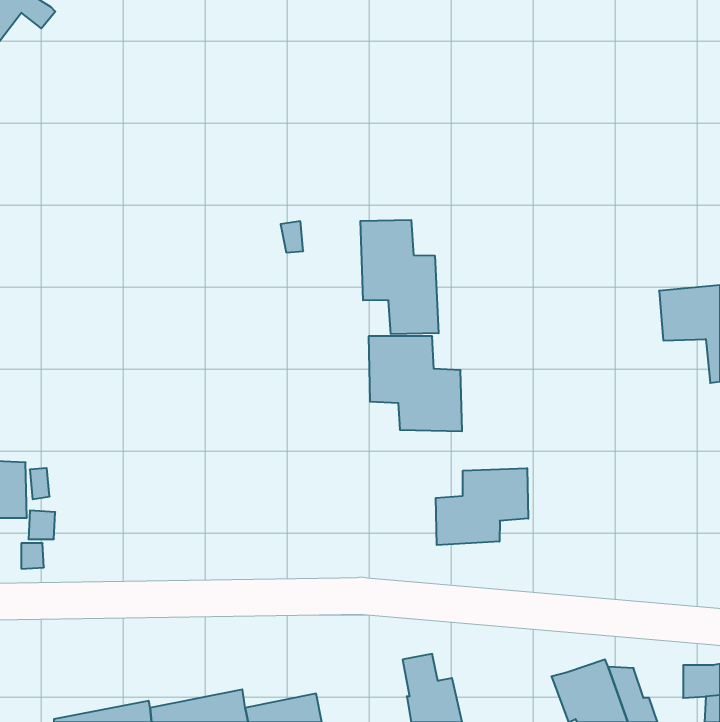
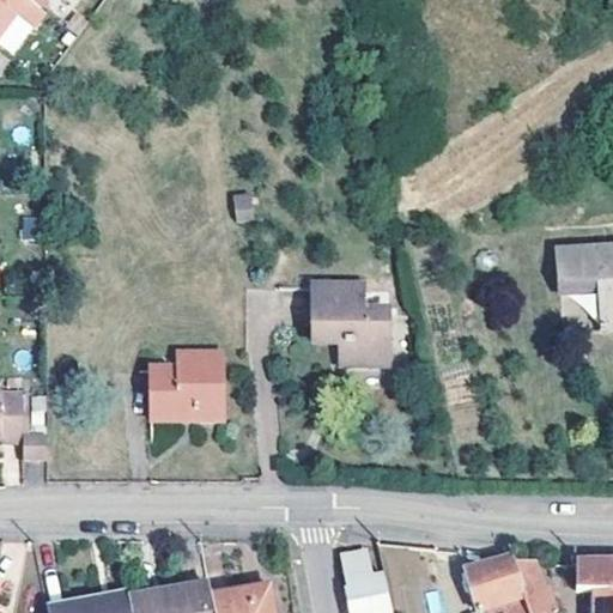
building: [360,220,439,334] -> none
building: none -> [153,351,225,418]
building: [436,468,528,545] -> none

